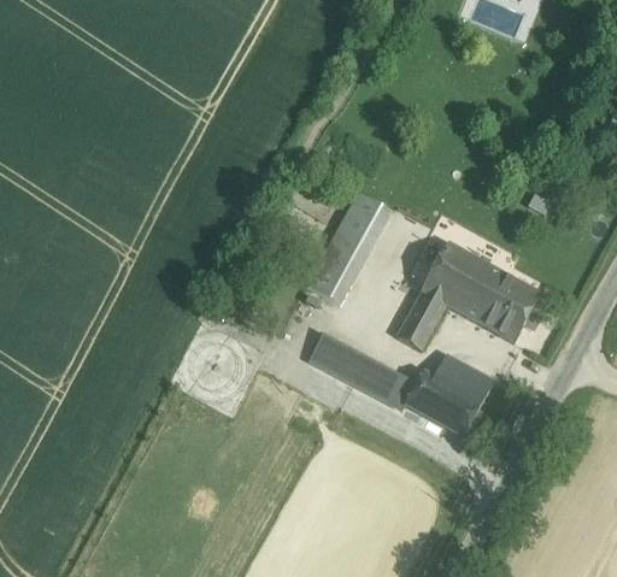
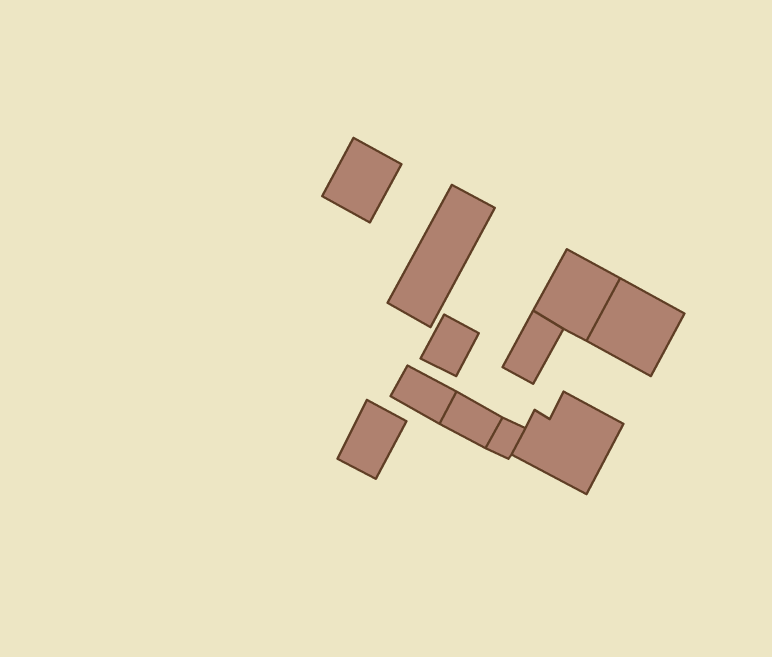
building: none -> [322,138,401,222]
building: none -> [420,315,479,376]
building: none -> [337,400,407,479]

